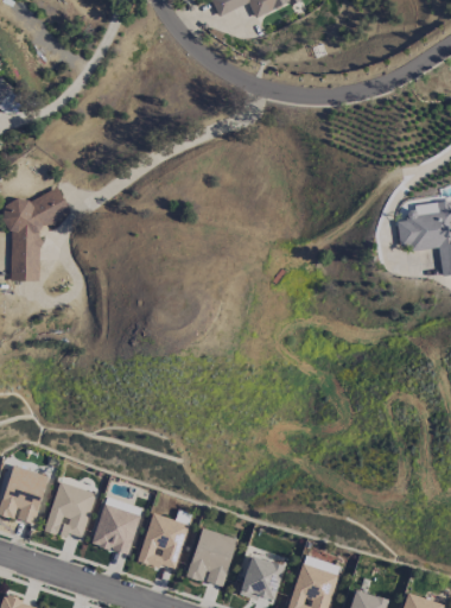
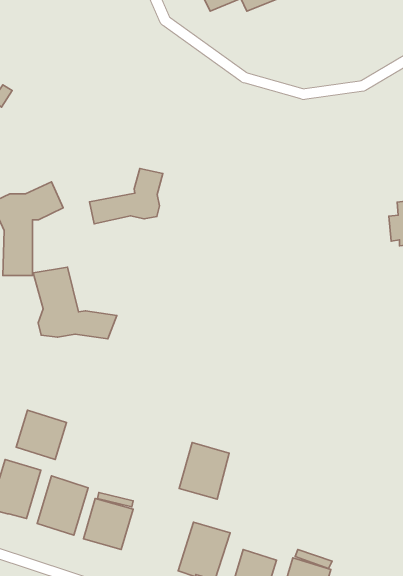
building: none -> [89,169,163,224]
building: none -> [33,267,117,339]
building: none -> [16,410,66,459]
building: [139,513,189,570] -> [179,442,229,499]

